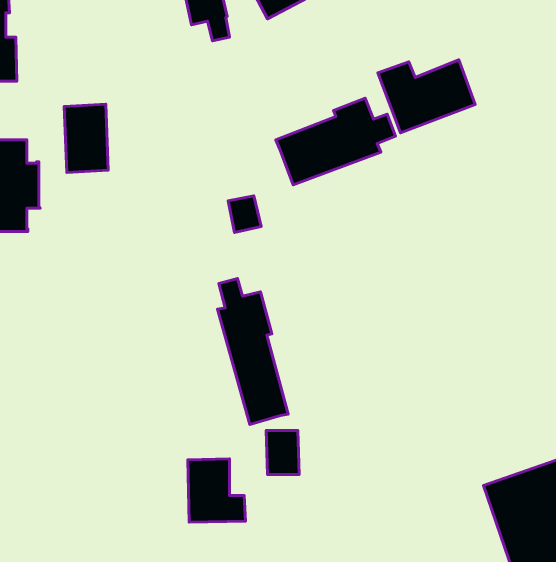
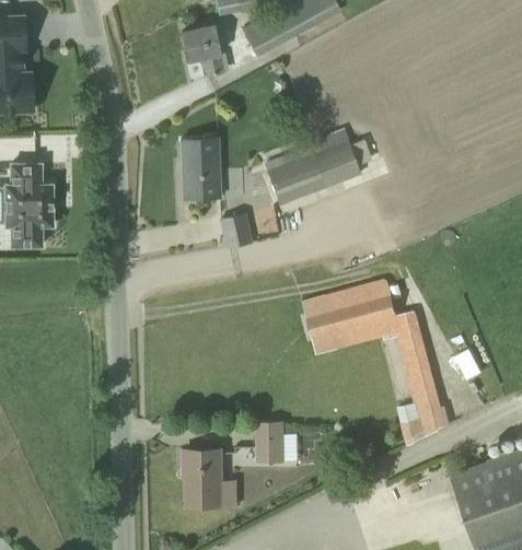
building: [378,60,475,133] -> none
building: [64,104,108,172] -> [181,138,220,199]
building: none -> [302,280,446,448]
building: [218,279,288,425] -> none

